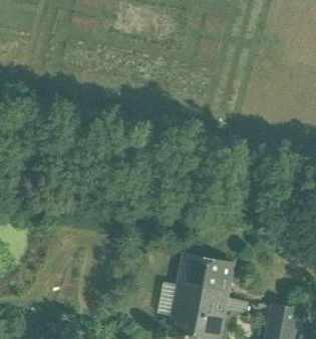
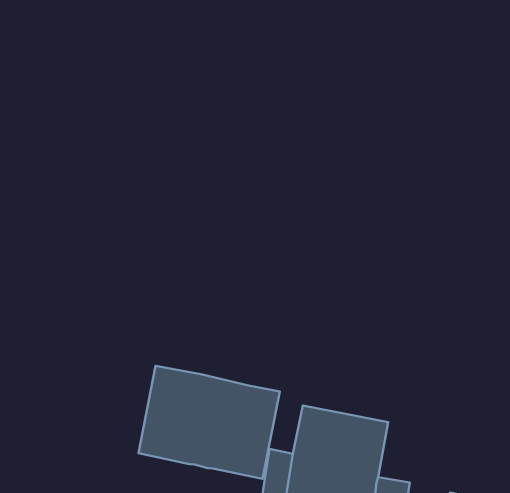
building: none -> [138,366,280,479]

